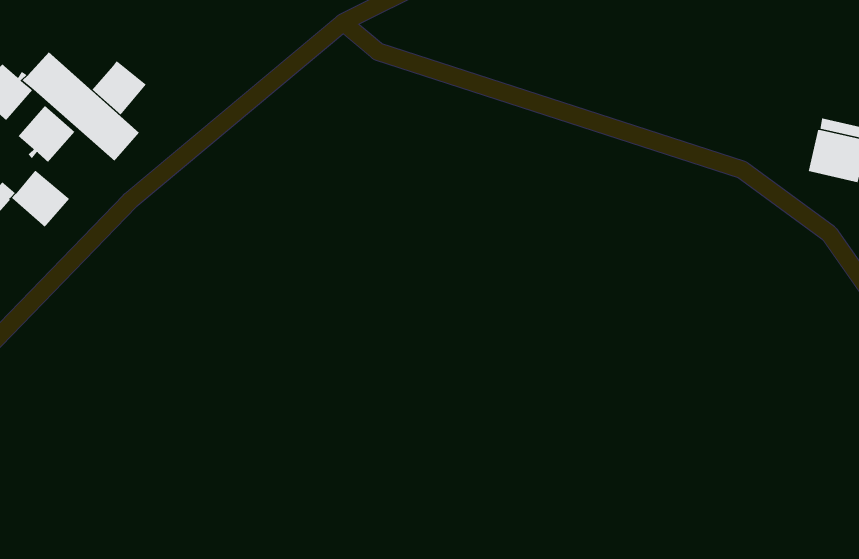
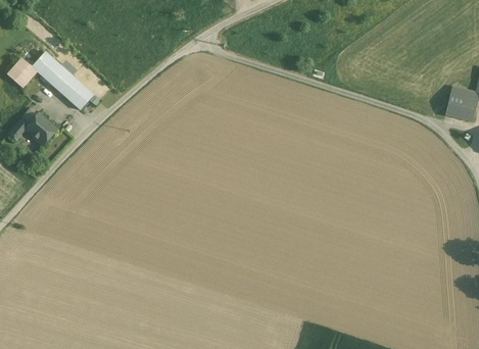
building: [91,59,147,115] -> none
building: [17,105,75,163] -> none

